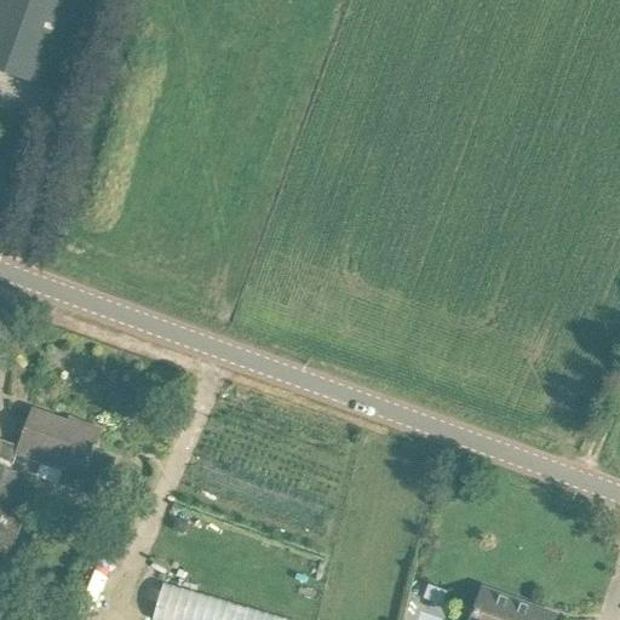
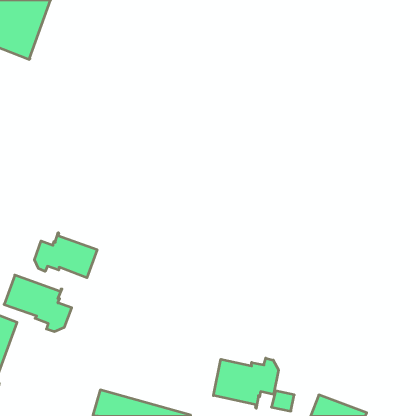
building: none -> [34,233,97,278]
building: none -> [213,358,278,408]

